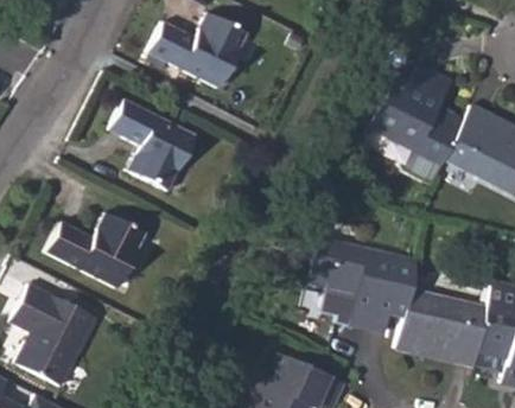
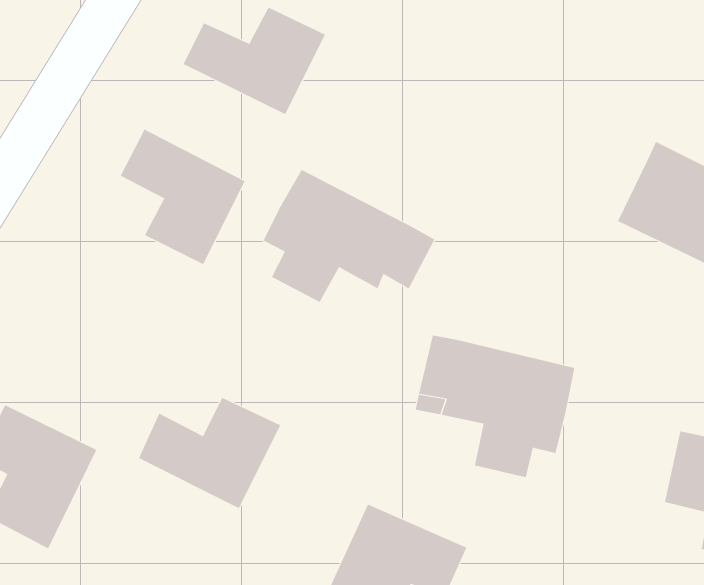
building: [370,66,468,164] -> none
building: none -> [263,169,435,303]
building: [47,211,145,287] -> [138,397,281,509]
building: [399,289,489,369] -> none

